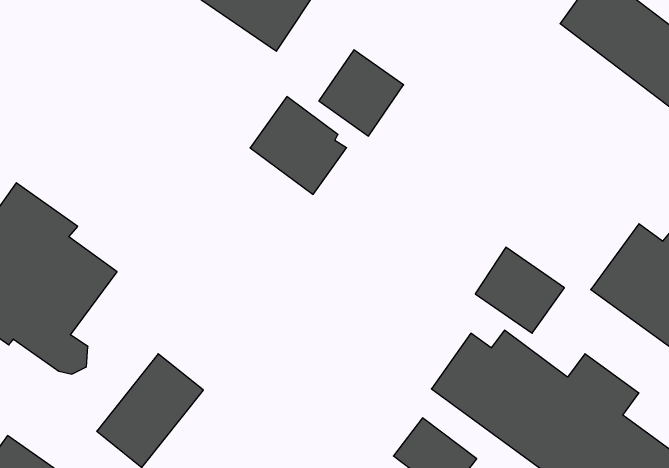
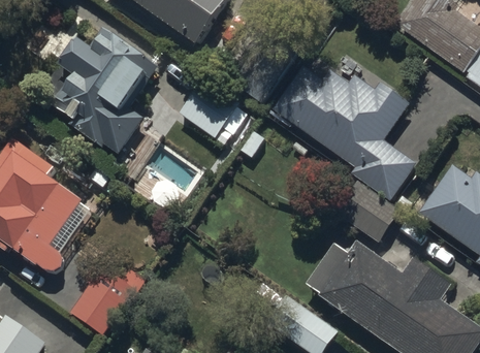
building: none -> [54,27,160,154]
building: none -> [271,70,417,200]

